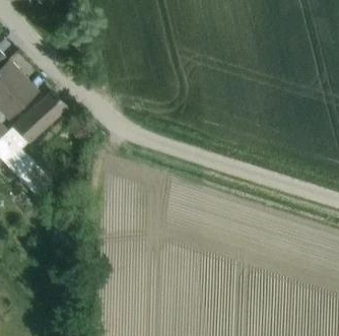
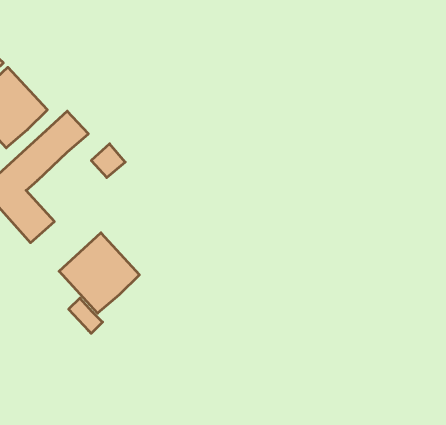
building: none -> [59,233,139,313]

